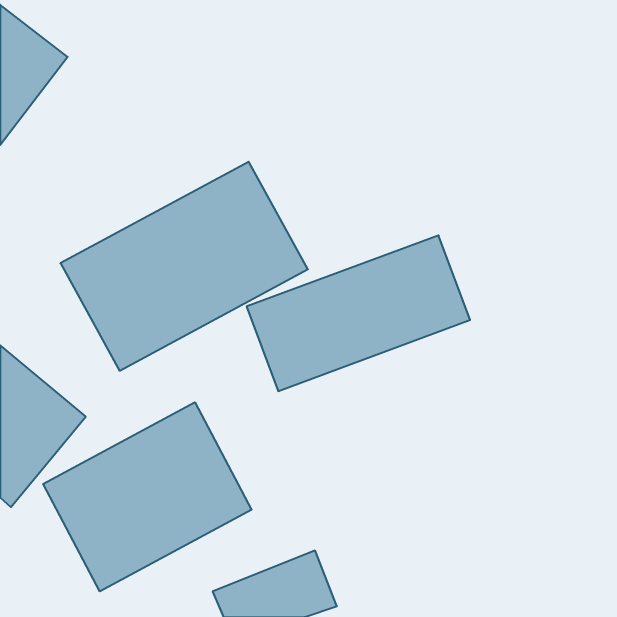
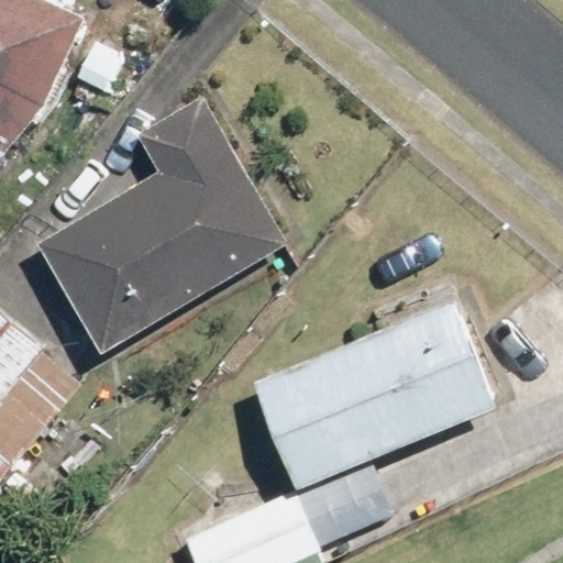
building: [247,235,470,391] -> [278,332,482,474]
building: [43,402,252,591] -> none

